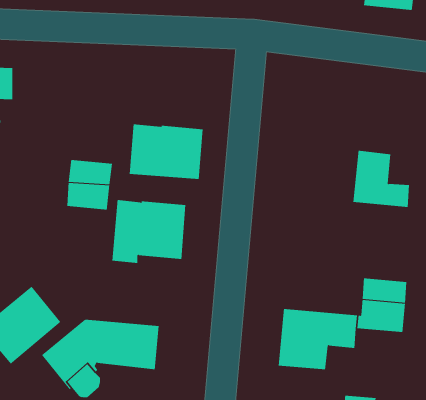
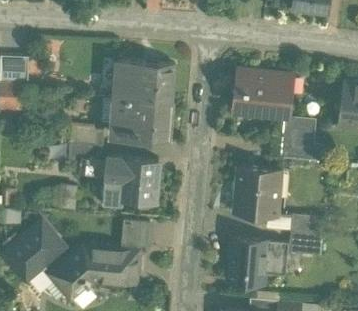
building: none -> [114,60,175,103]
building: none -> [235,71,291,113]
building: none -> [234,166,282,217]
building: none -> [122,220,150,247]

